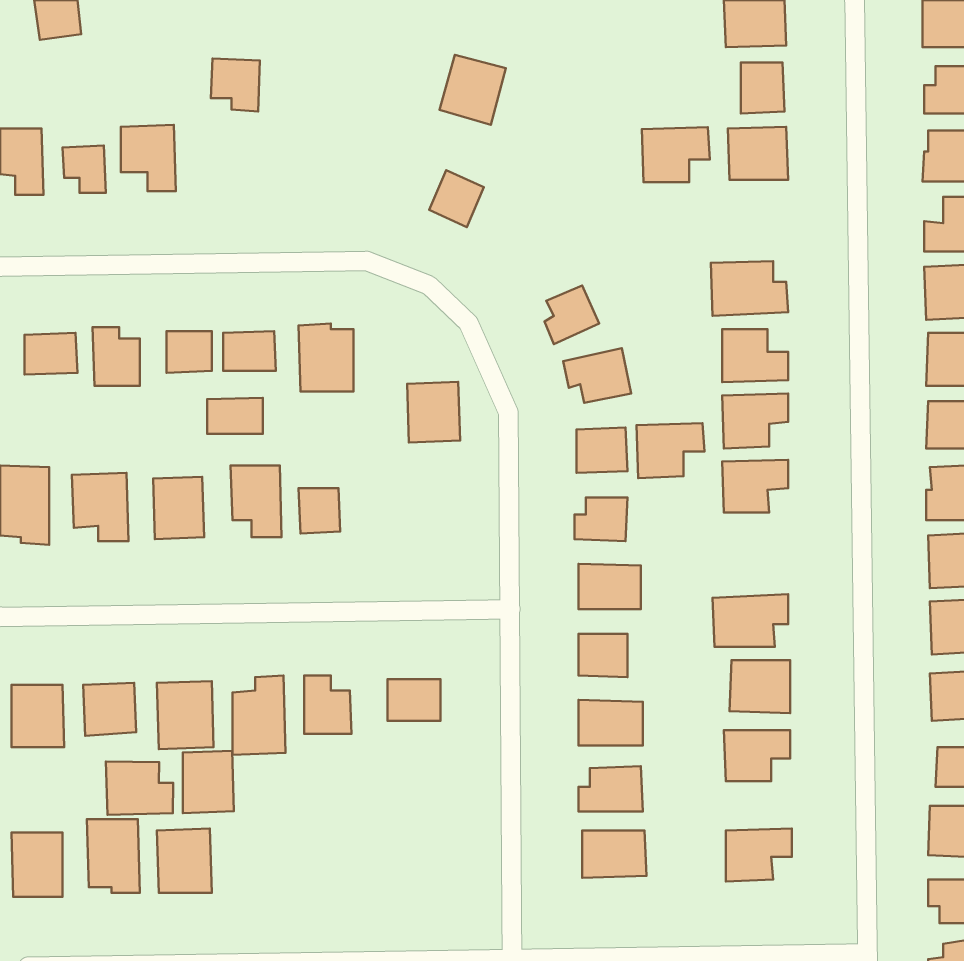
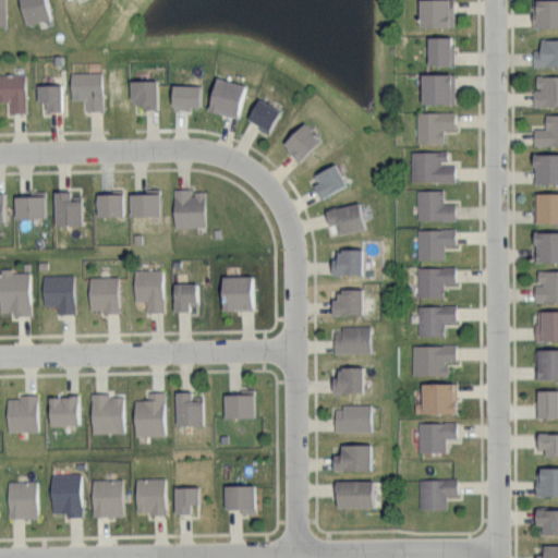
building: [440,55,506,125] -> [208,81,246,121]
building: [211,59,260,112] -> [130,83,158,113]
building: [642,127,710,182] -> [416,114,456,146]
building: none -> [172,88,201,111]
building: none -> [283,126,322,165]
building: [407,382,460,442] -> [222,277,253,312]
building: [207,398,263,434] -> none
building: [636,423,704,478] -> [417,306,457,338]
building: [183,751,234,813] -> [136,480,166,515]
building: [106,762,173,815] -> none
building: none -> [225,486,255,514]
building: none -> [174,488,198,515]

